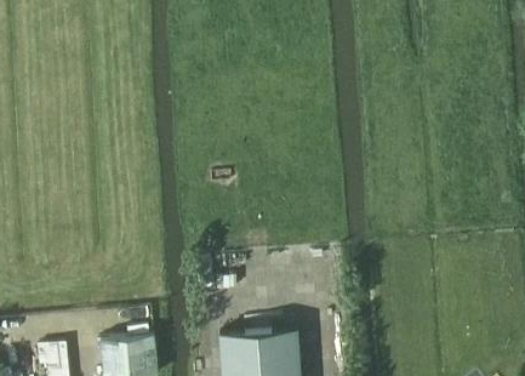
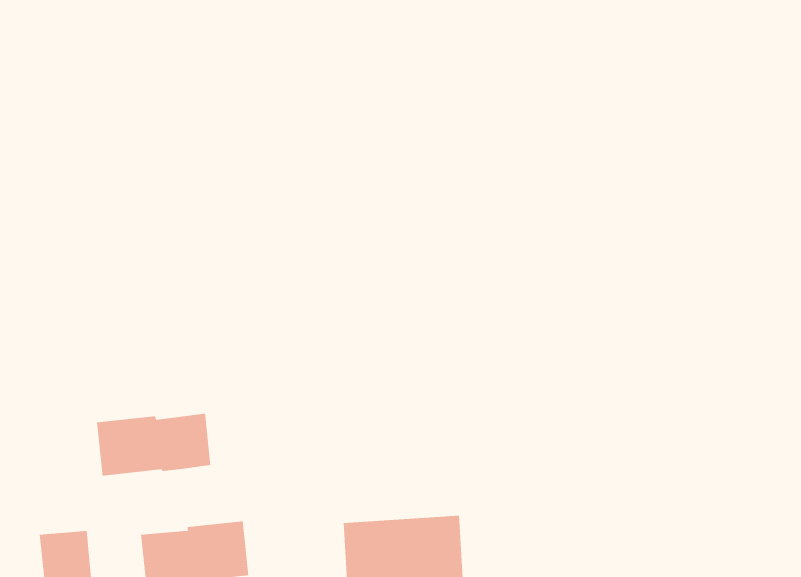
building: none -> [96,413,211,477]

